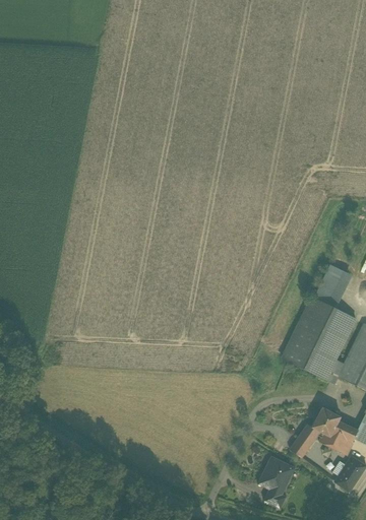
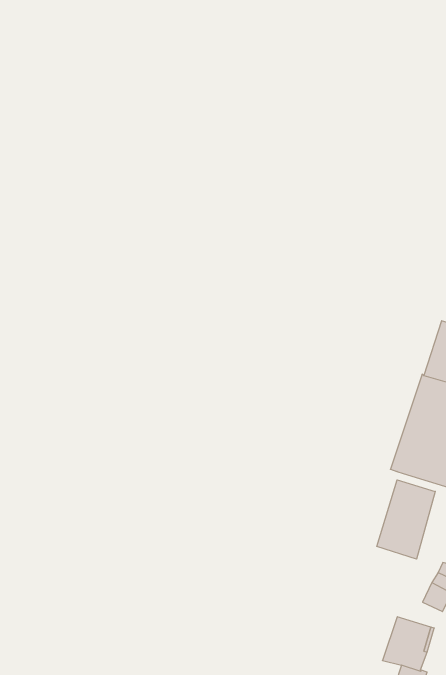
building: none -> [377,480,435,559]

